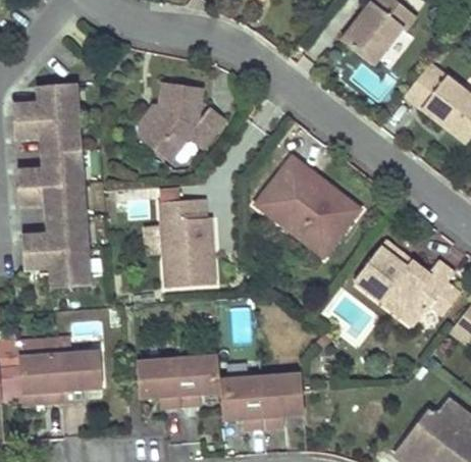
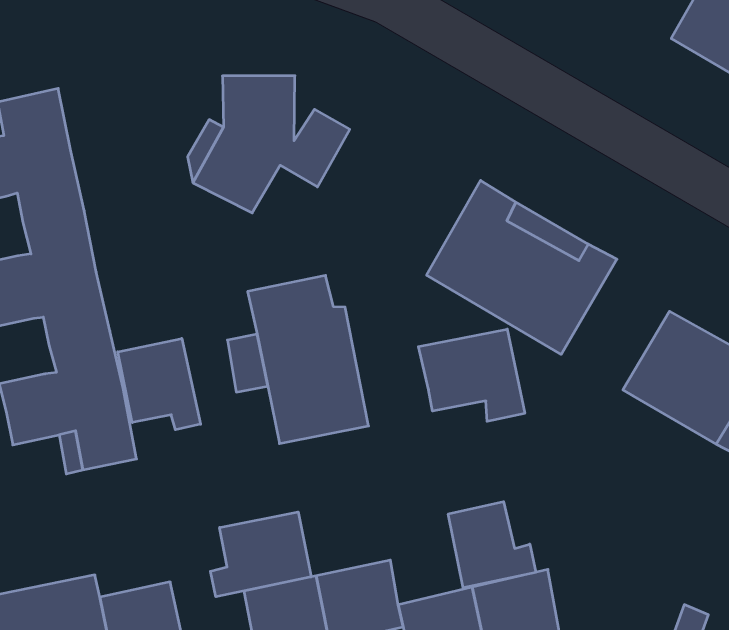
building: none -> [118,338,201,430]
building: none -> [418,329,525,421]
building: none -> [210,512,311,597]
building: none -> [448,502,536,588]

